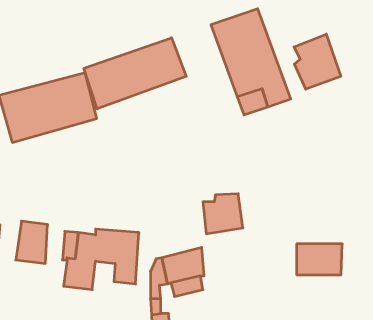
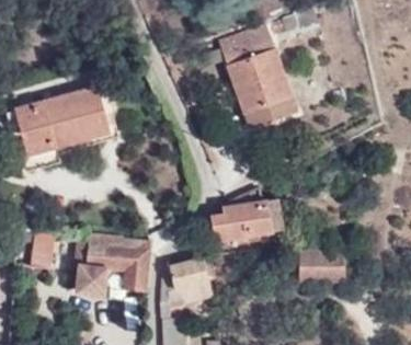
building: [294,34,341,89] -> none
building: [84,38,186,109] -> none
building: none -> [224,187,282,237]

